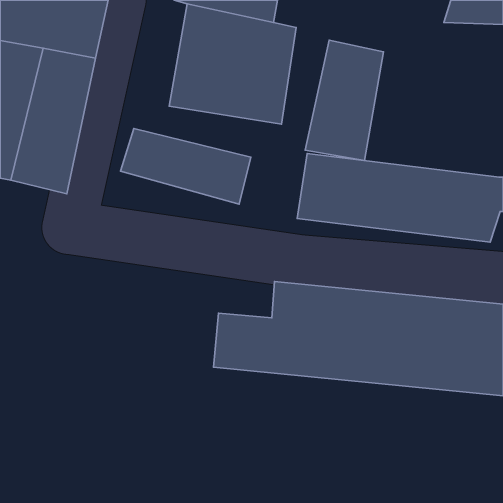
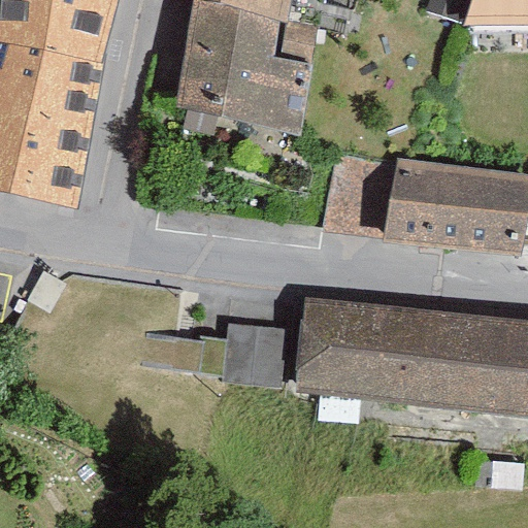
building: [305,40,383,161] -> none
building: [121,129,251,204] -> none

